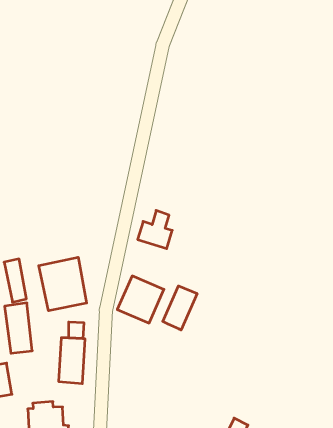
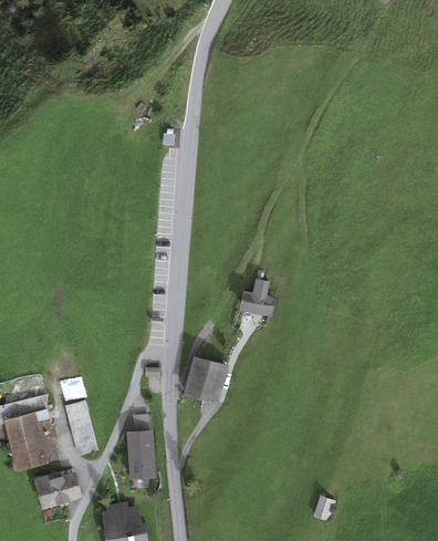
building: [138,210,172,249] -> [239,278,274,316]
building: [39,257,87,311] -> none
building: [163,286,197,330] -> none

